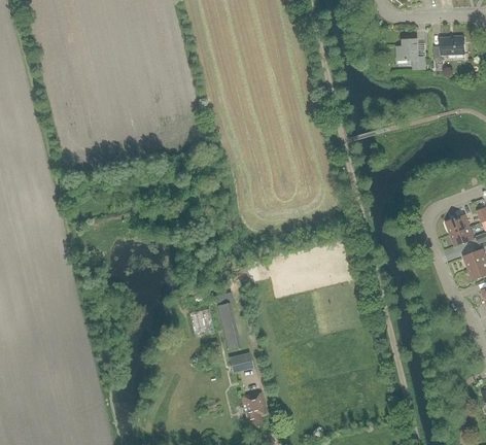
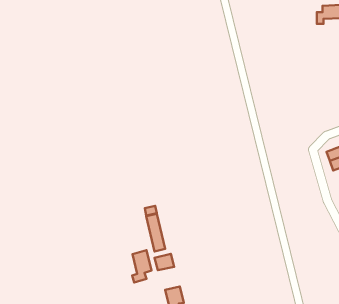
building: [396,37,425,68] -> none
building: none -> [132,250,152,282]

